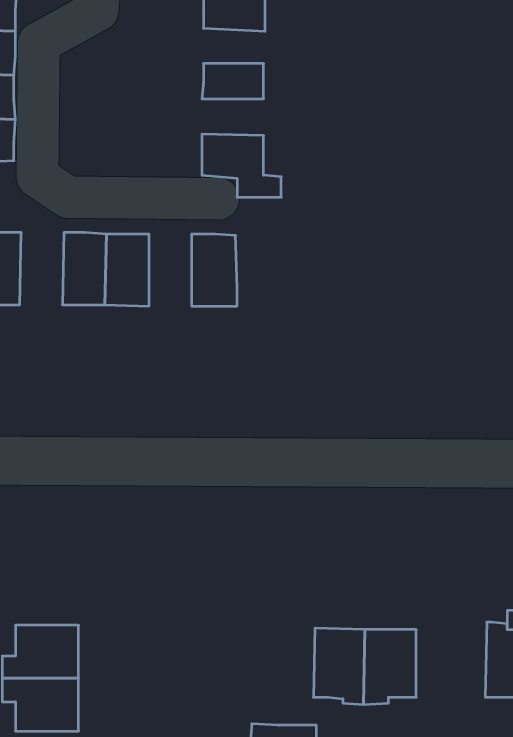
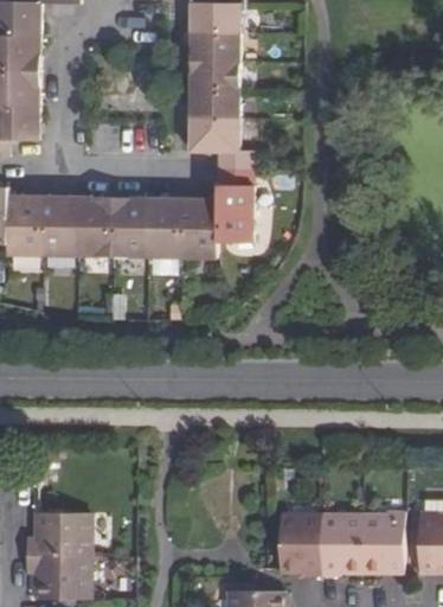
building: none -> [190,32,239,60]
building: none -> [188,89,238,119]
building: none -> [216,168,252,241]
building: none -> [41,197,77,255]
building: none -> [146,198,180,256]
building: none -> [361,511,403,571]

